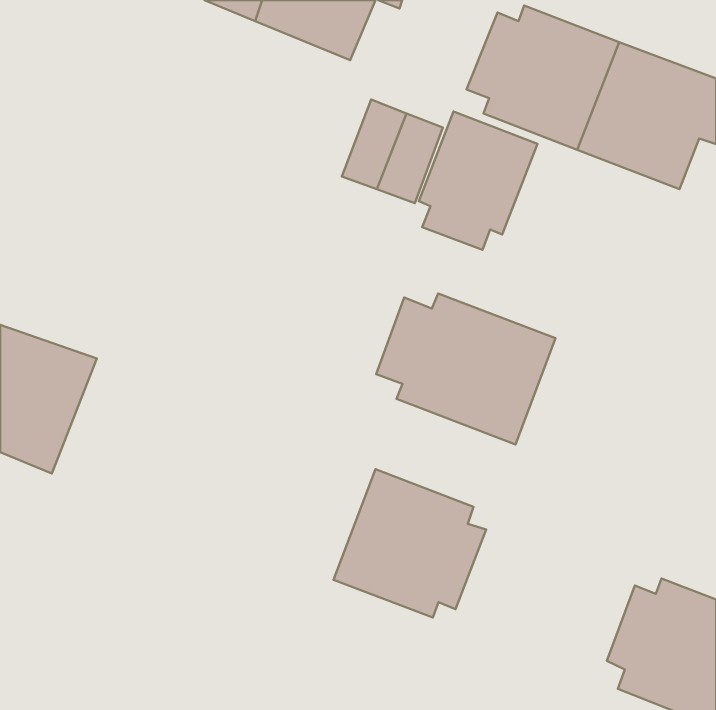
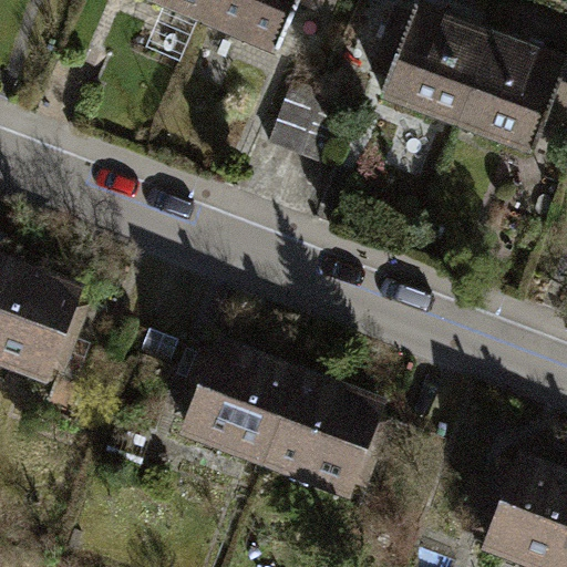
building: [419,112,538,250] -> none
building: [376,294,556,445] -> none
building: none -> [187,346,297,463]

